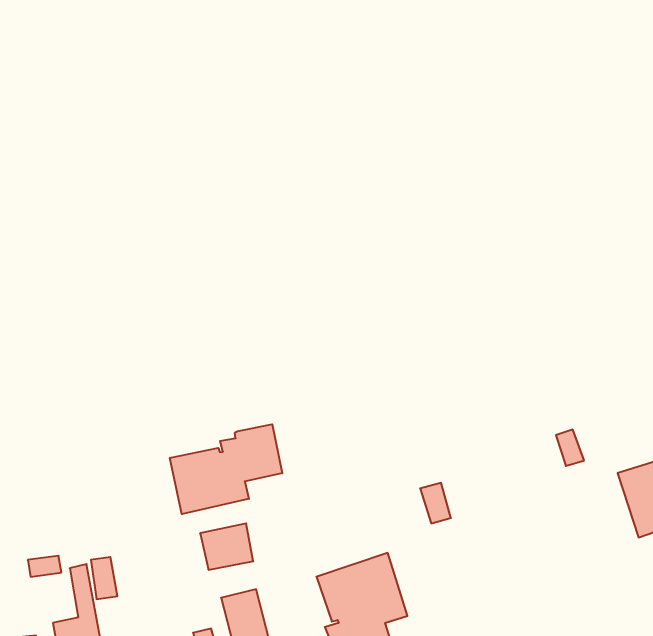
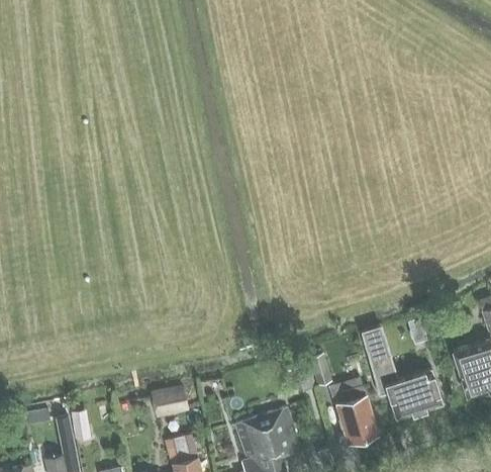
building: [170,424,282,514] -> none
building: none -> [362,334,444,419]
building: none -> [337,386,378,444]

